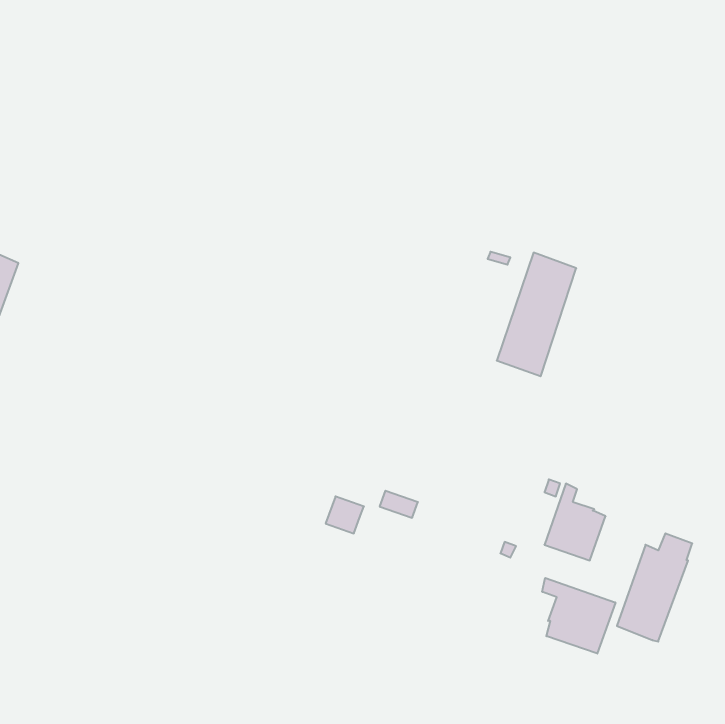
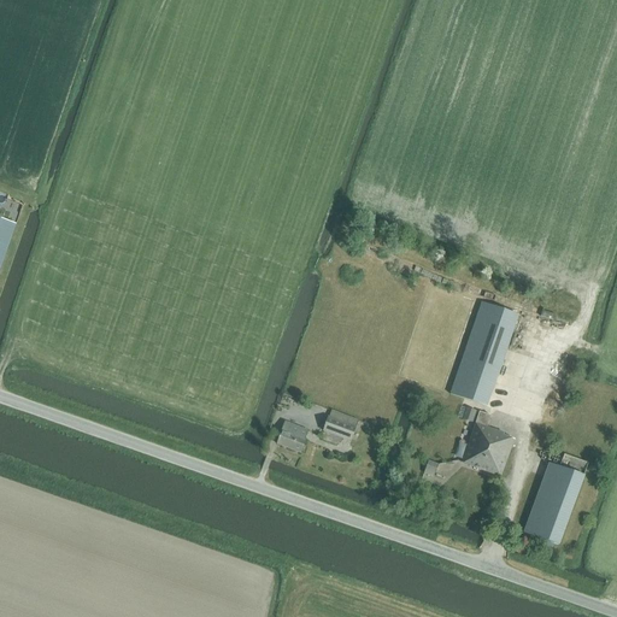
building: [497,253,576,376] -> [449,300,517,405]
building: [542,578,615,654] -> none

